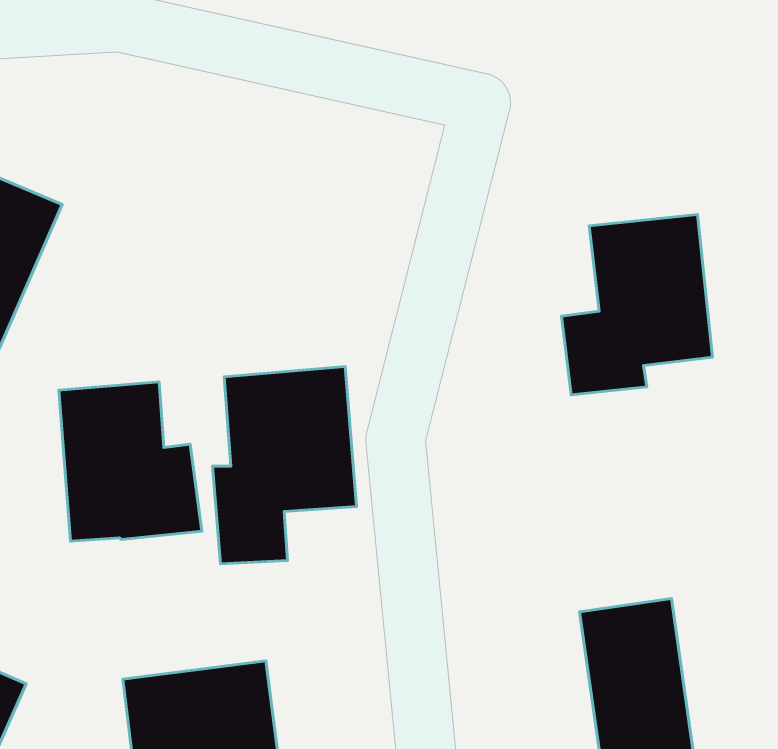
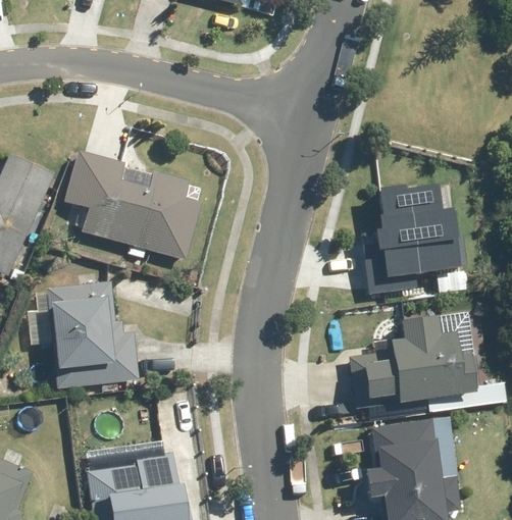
building: none -> [66,153,196,259]
building: [213,366,357,564] -> none
building: none -> [354,314,471,407]

